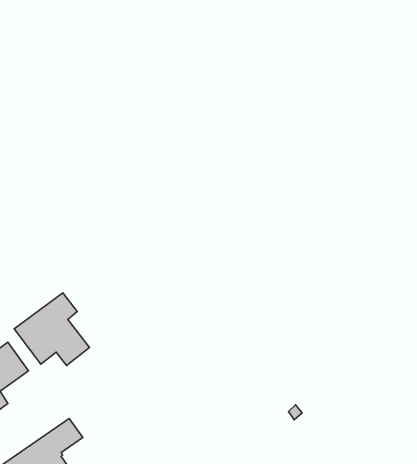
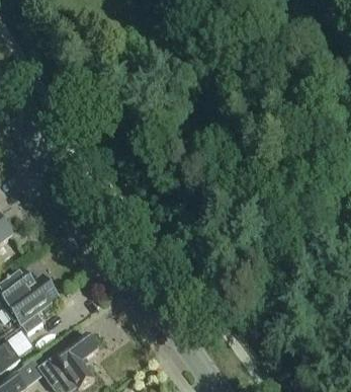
building: [14,293,89,365] -> none

